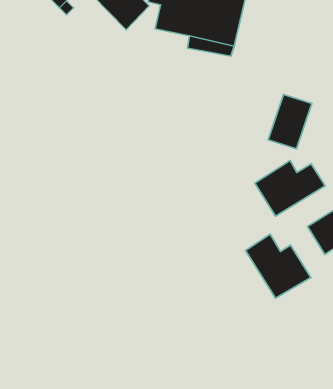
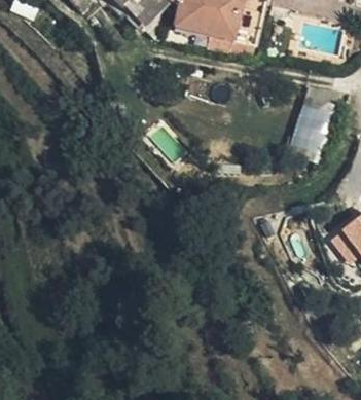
building: [255,161,325,216] -> none
building: [245,234,311,298] -> none

